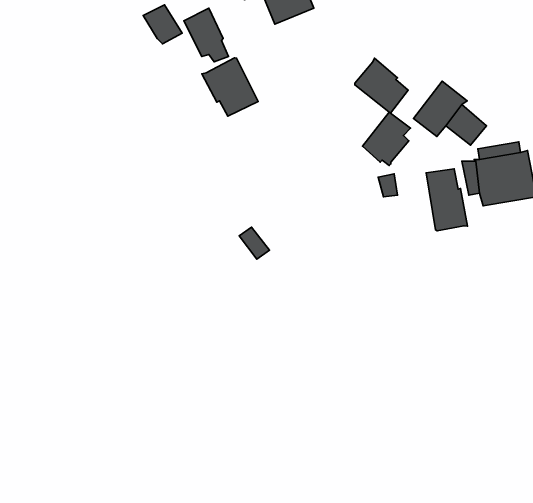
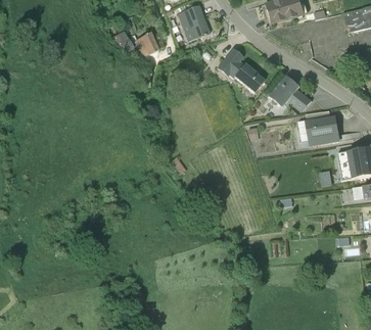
building: [202,58,258,116] -> none
building: [362,112,410,166] -> [219,48,246,79]
building: [426,169,468,231] -> none

